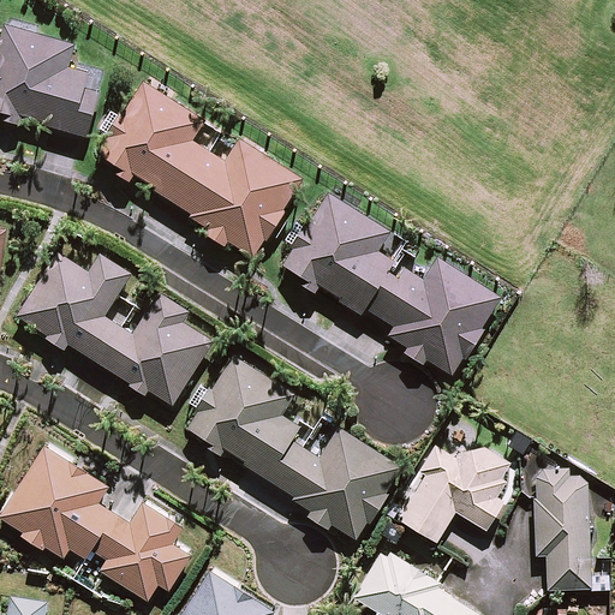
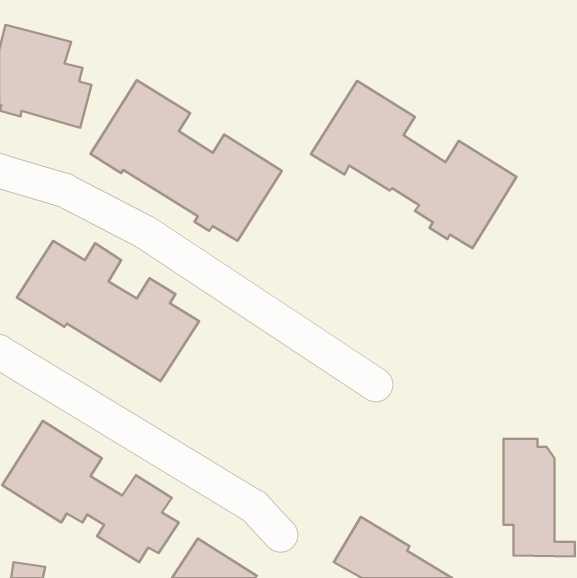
building: [280,195,498,372] -> [311,81,517,248]
building: [185,358,401,537] -> none
building: [400,446,509,541] -> none

